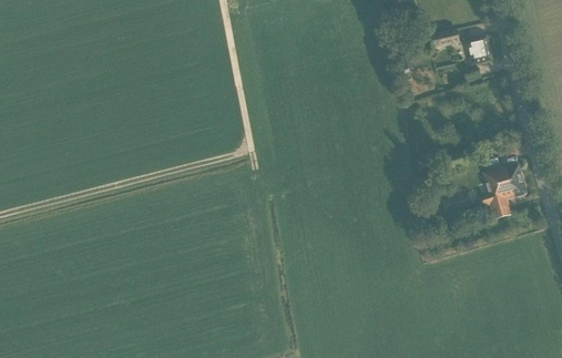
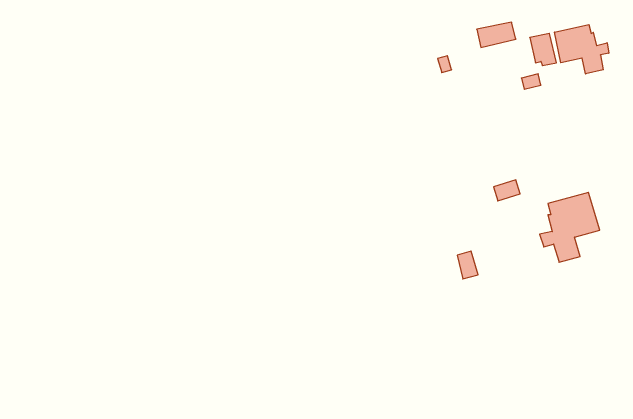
building: none -> [555,25,609,74]

